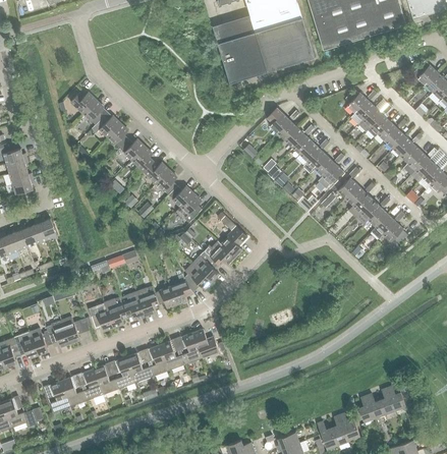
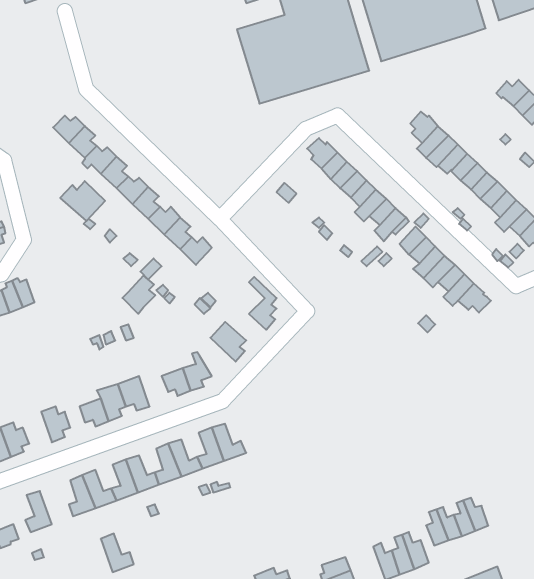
building: none -> [60,181,105,221]
building: [176,192,202,222] -> [122,275,155,314]
building: [203,239,234,264] -> none
building: [183,262,211,291] -> none
building: [136,285,159,315] -> none
building: [45,319,69,345] -> none
building: [60,376,86,405] -> [101,534,134,572]

